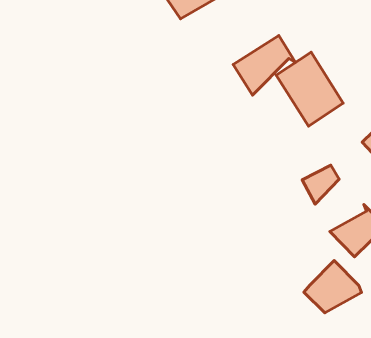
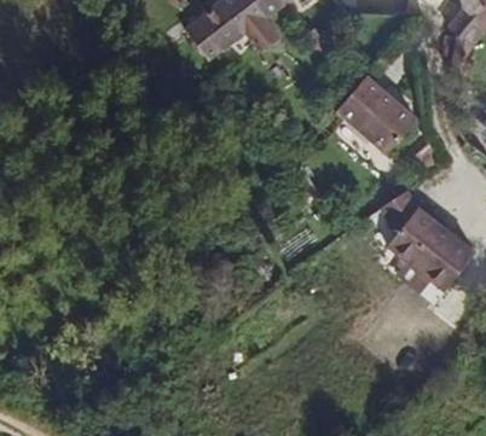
building: [233,35,295,95] -> none
building: [304,260,362,313] -> [386,208,450,267]

